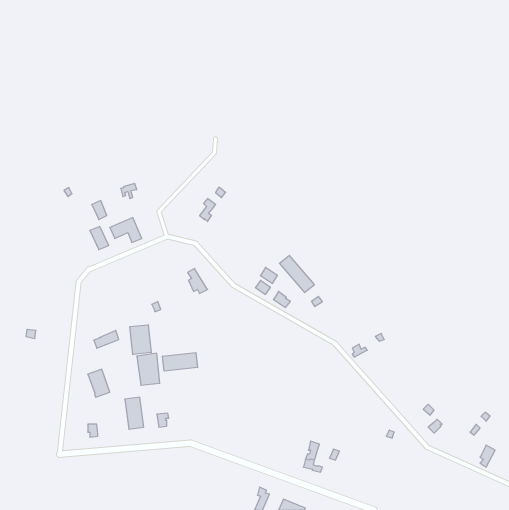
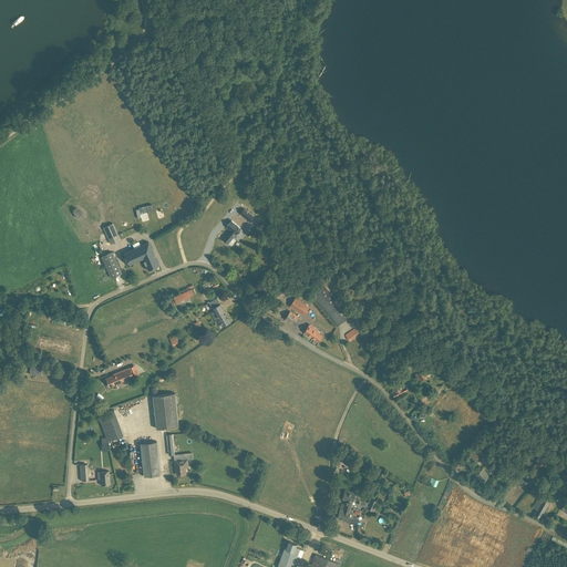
building: [130,325,151,355] -> none
building: [163,353,197,371] -> none

